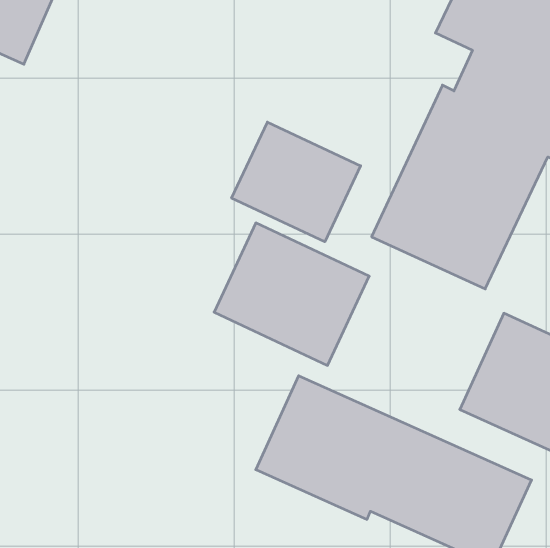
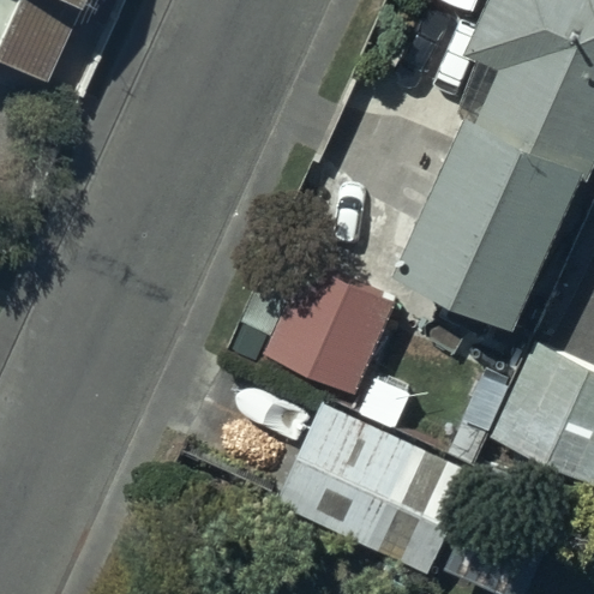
building: [232,122,361,242] -> none

